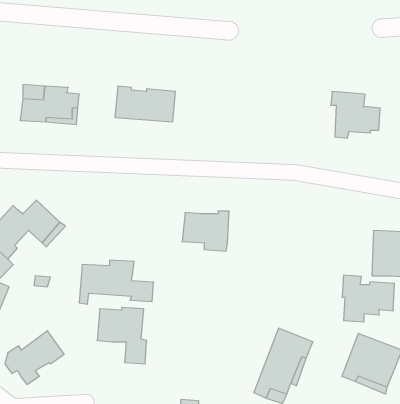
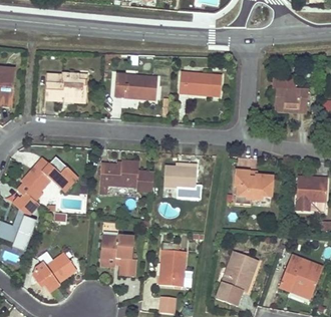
building: none -> [179,71,222,94]
building: [79,260,154,304] -> [99,161,153,193]
building: [342,275,394,322] -> [236,170,274,204]
building: none -> [159,249,186,286]

